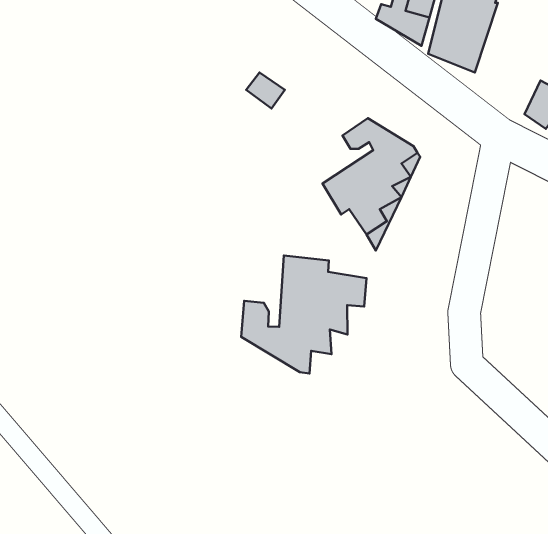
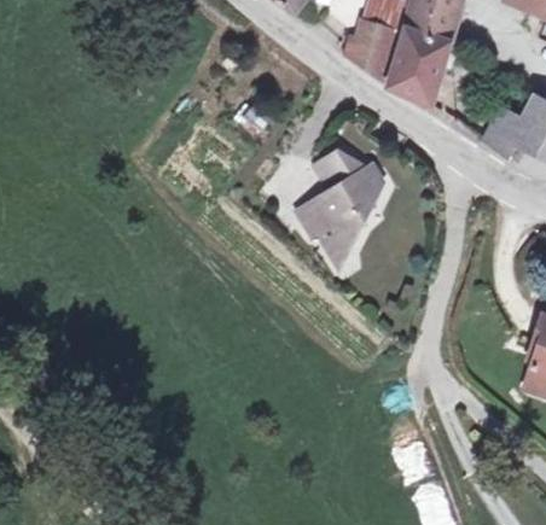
building: [241,255,366,373] -> none

